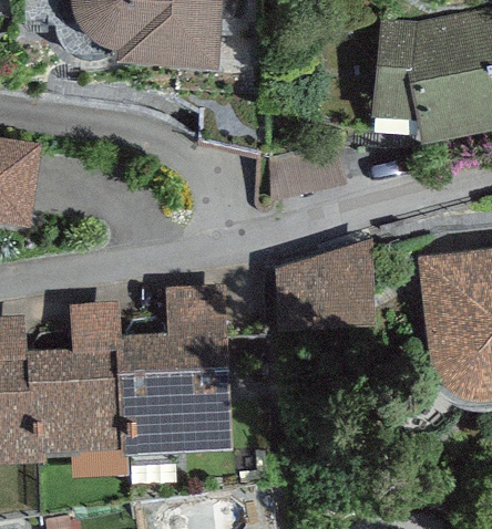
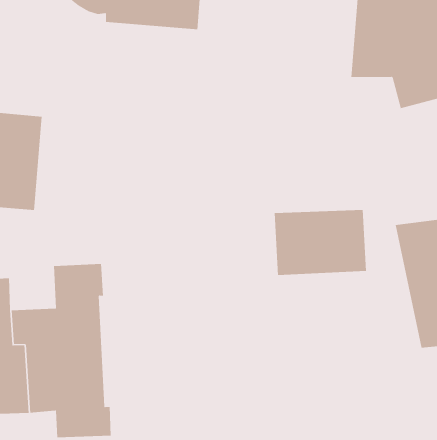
building: [115,286,230,448] -> none

